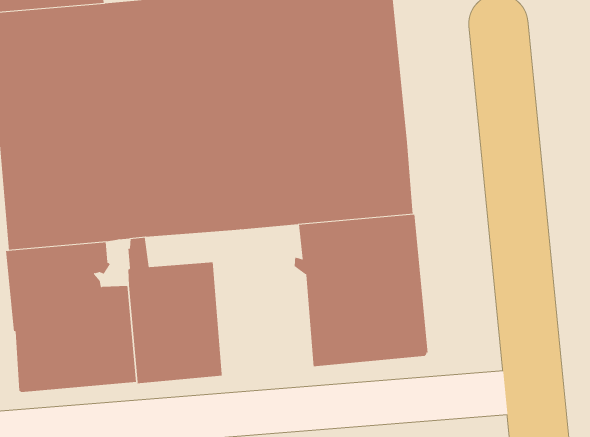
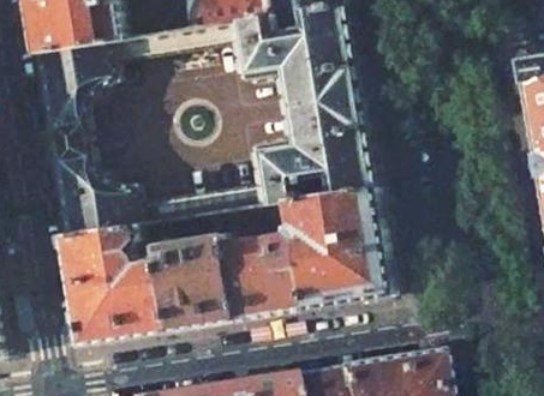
building: none -> [219,203,305,316]

